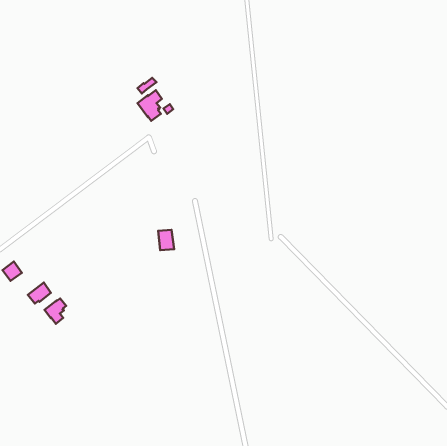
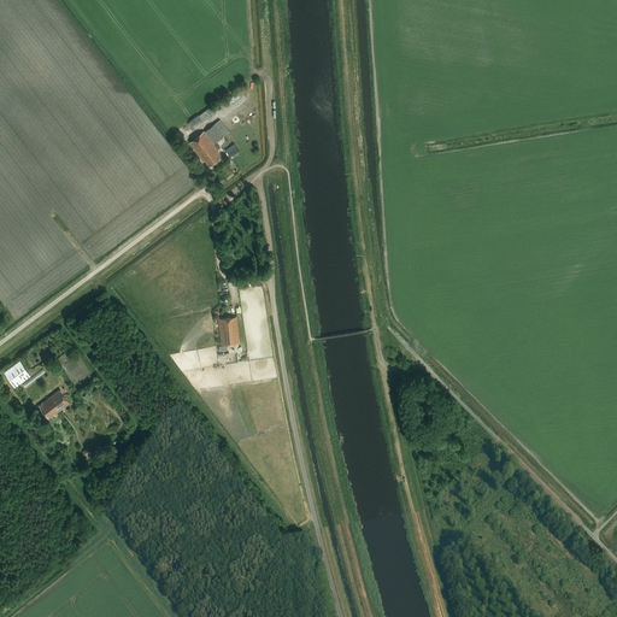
building: [44,298,66,324] -> none

